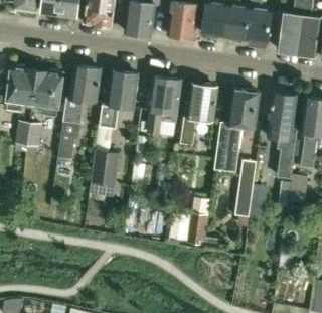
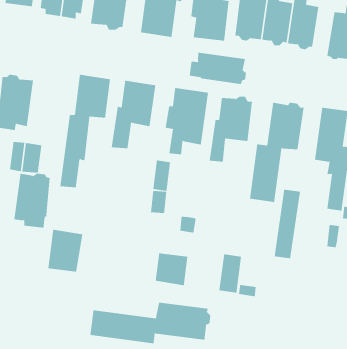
building: none -> [189,52,246,85]
building: [32,70,62,116] -> [14,173,50,228]
building: [91,151,120,186] -> [48,229,83,272]
building: none -> [90,302,211,344]

